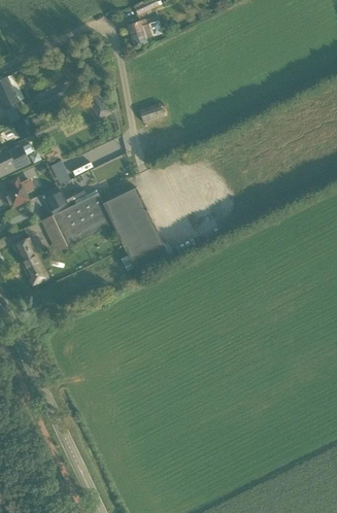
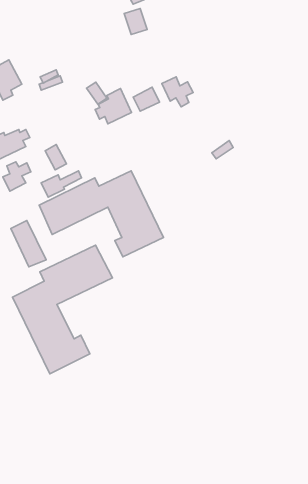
building: none -> [162,77,193,107]
building: none -> [95,89,131,124]
building: none -> [12,245,113,374]

